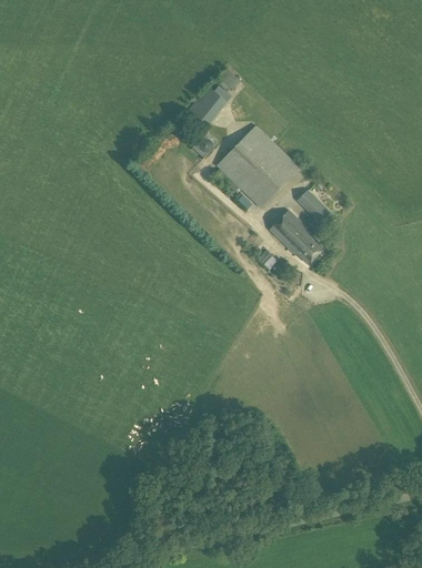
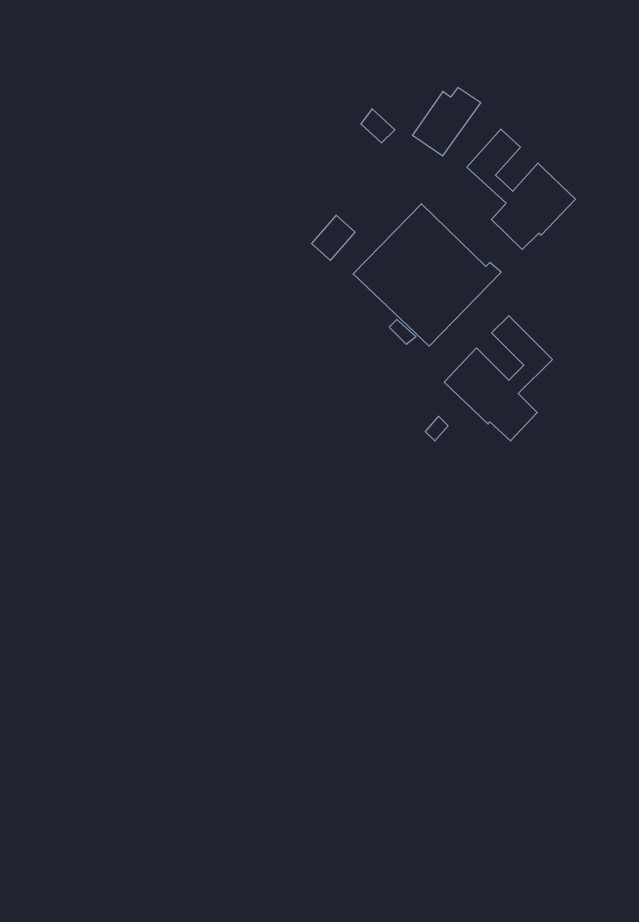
building: none -> [467,129,575,249]
building: [190,84,230,124] -> [412,88,481,156]

